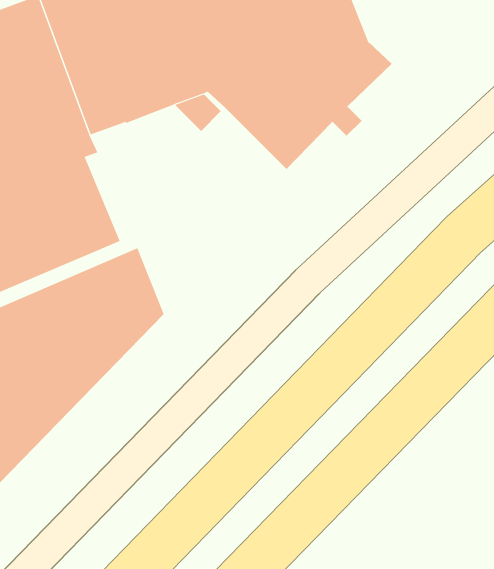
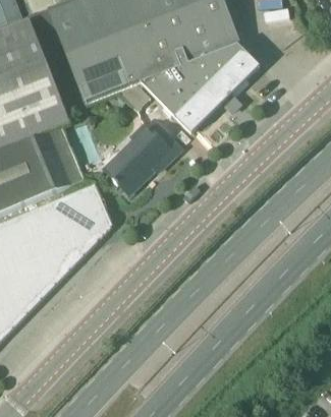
building: none -> [104,122,169,194]

